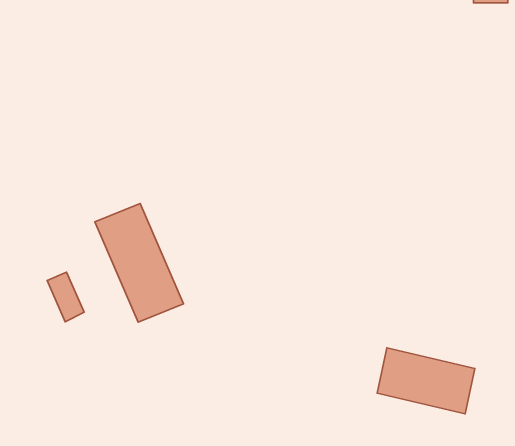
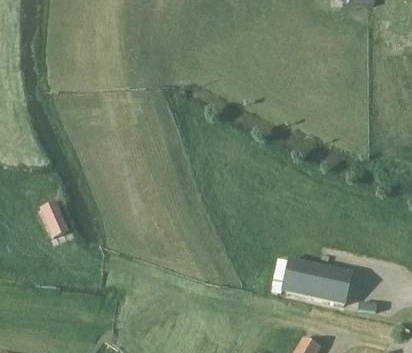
building: [95,204,184,322] -> none

